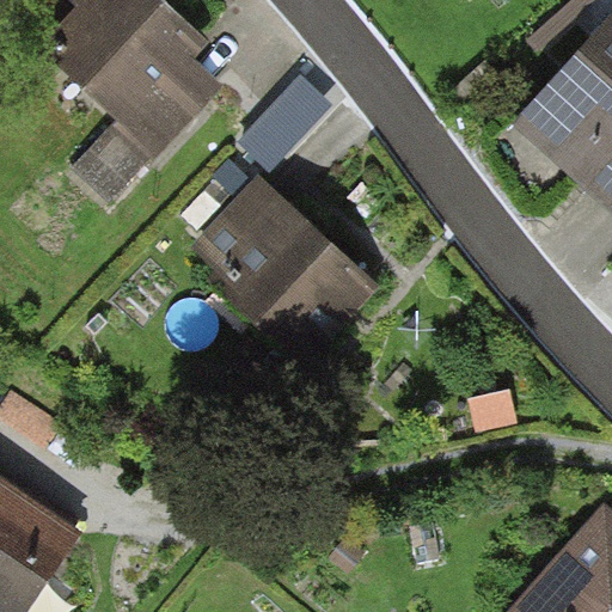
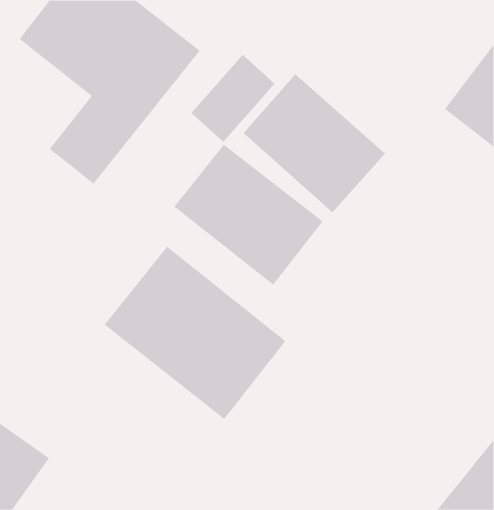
building: none -> [243,73,386,213]
building: none -> [104,246,286,420]

